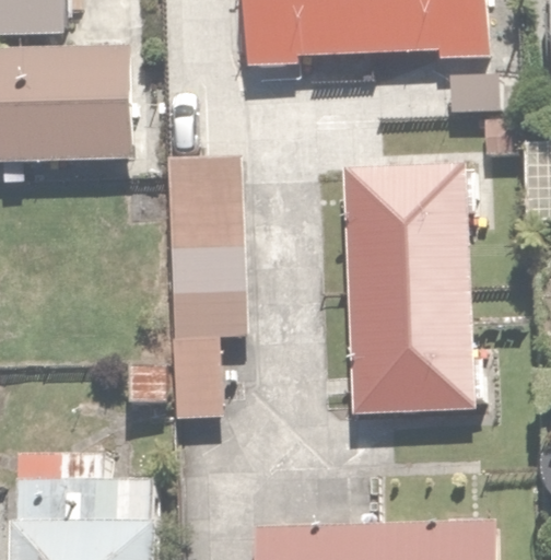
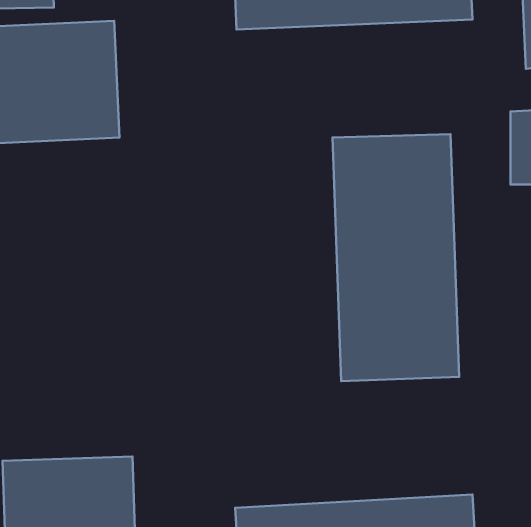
building: [164,155,244,411] -> none

